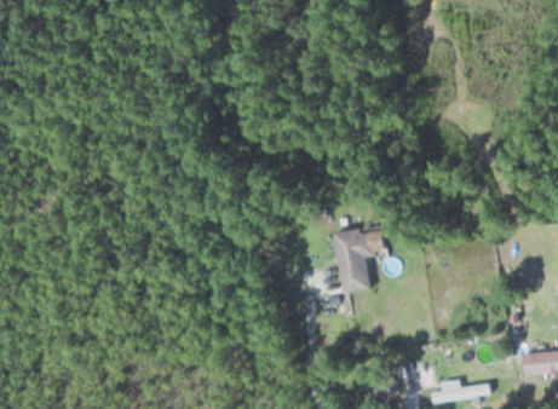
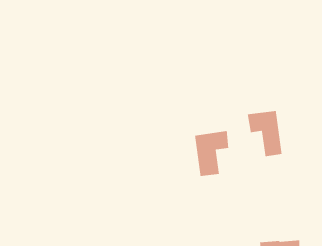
building: none -> [247,110,283,157]

